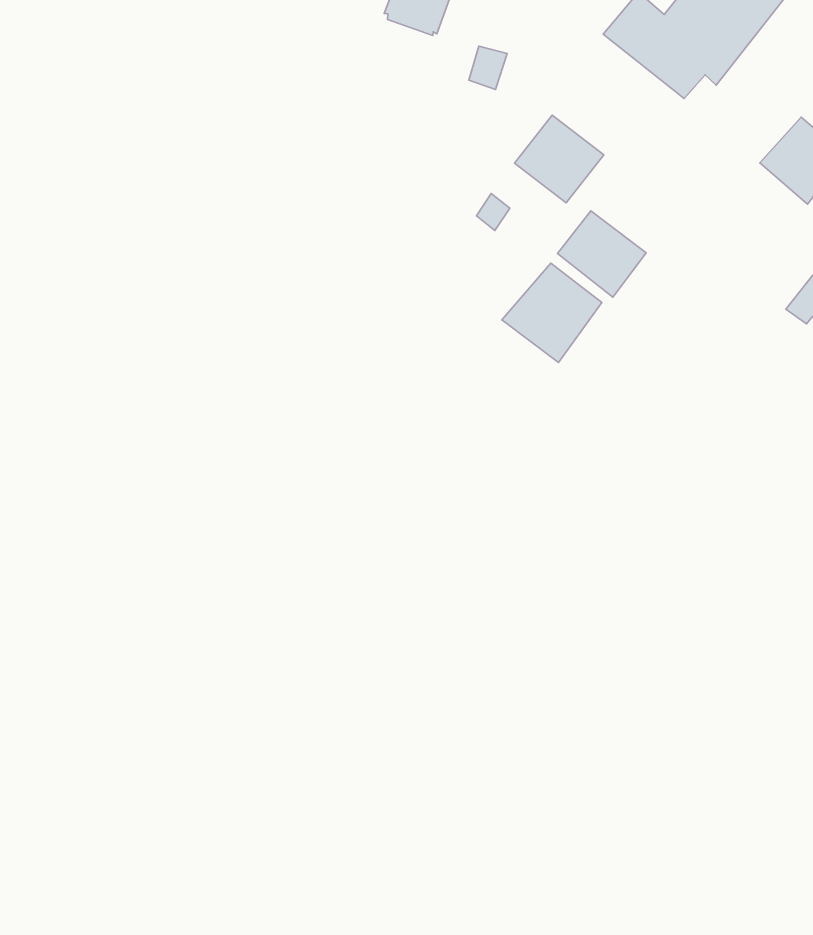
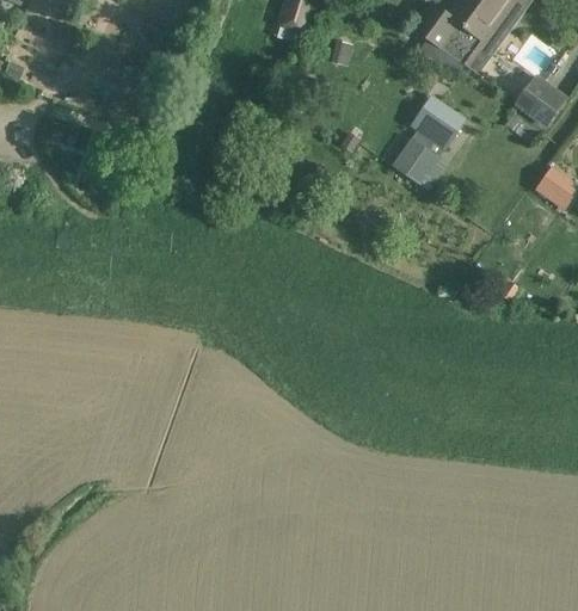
building: [514,115,604,203] -> [411,95,466,149]
building: [502,263,602,362] -> none

